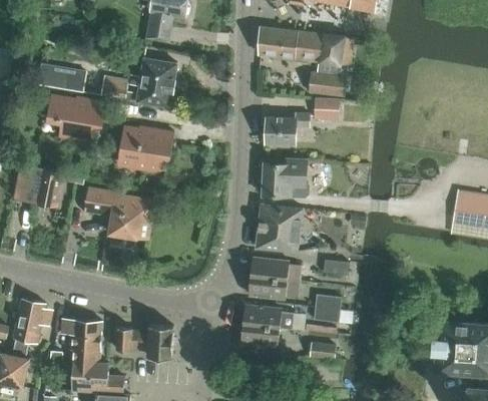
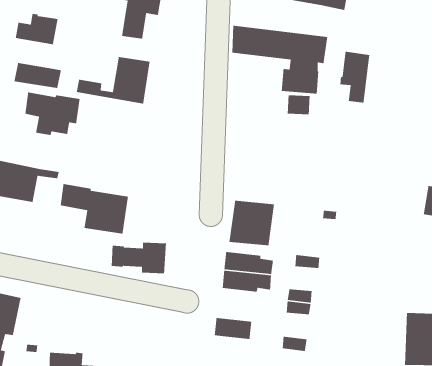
building: none -> [15,13,59,45]
building: none -> [340,51,370,104]
building: [265,113,309,144] -> none
building: [118,125,173,172] -> none
building: [263,158,308,196] -> none
building: [242,305,293,329] -> none
building: [61,317,102,361] -> none
building: [116,323,173,356] -> [111,242,167,274]

